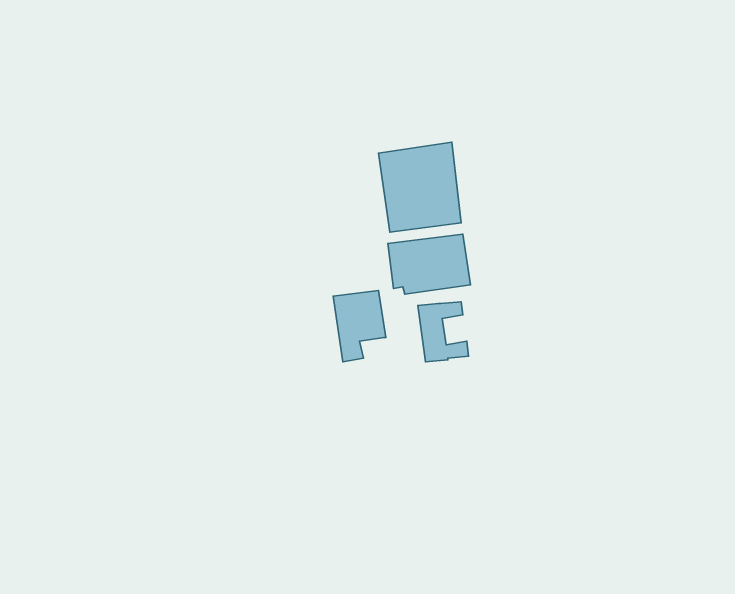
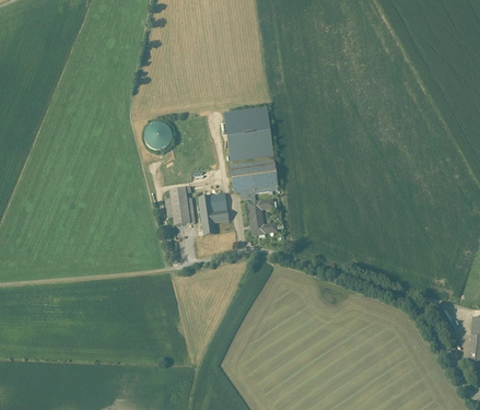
building: none -> [144,122,172,150]
building: none -> [168,186,195,225]

